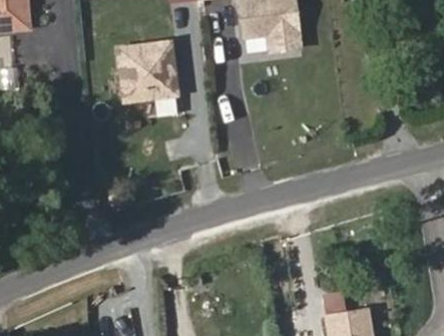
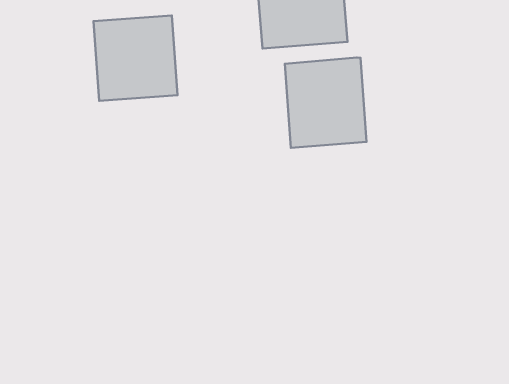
building: none -> [285,57,367,148]

